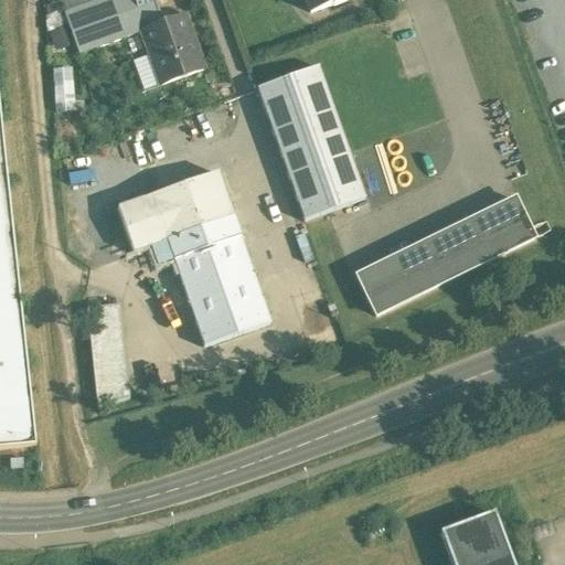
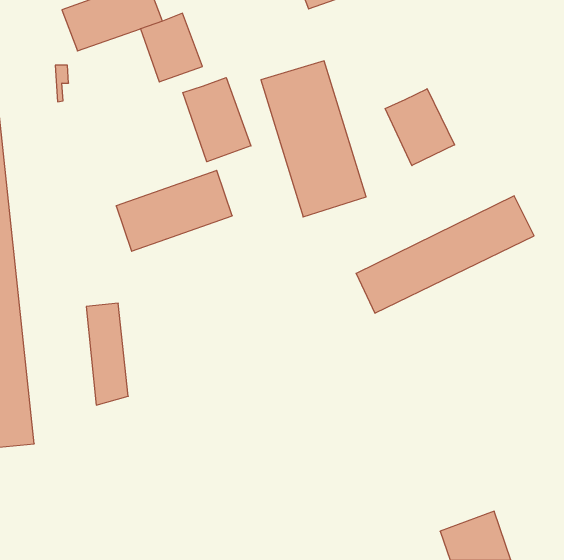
building: none -> [183,78,251,162]
building: none -> [385,89,455,166]
building: [166,215,268,343] -> none

